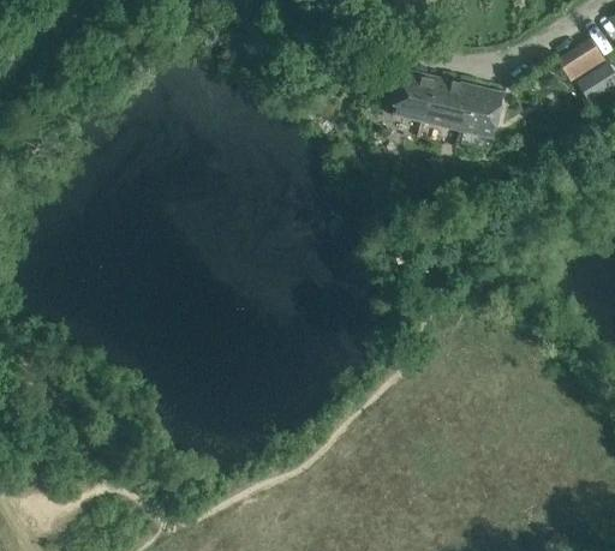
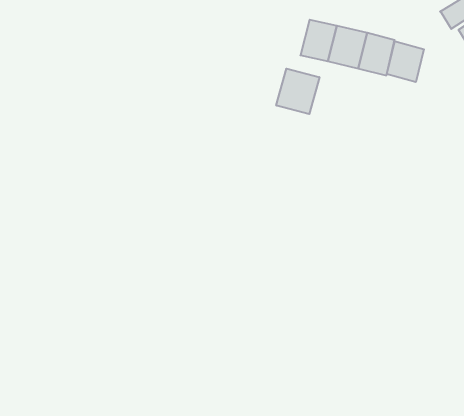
building: none -> [387,41,424,82]
building: none -> [276,69,319,114]

